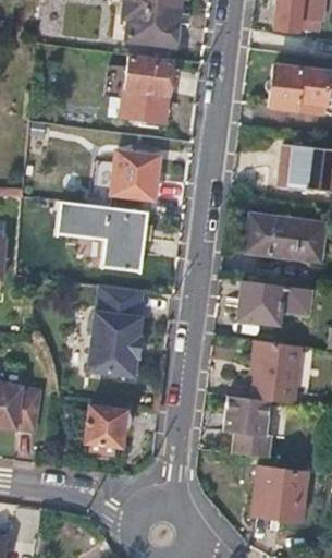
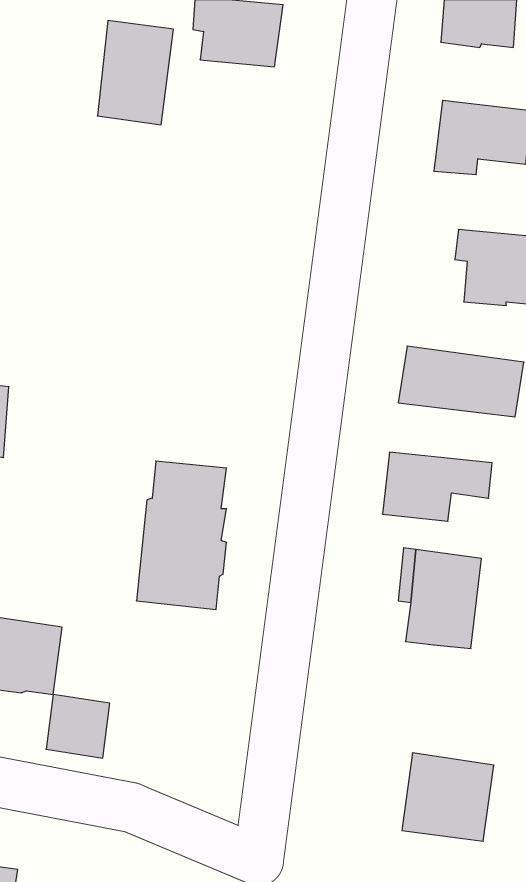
building: [123,58,170,122] -> [97,20,173,125]
building: [113,151,157,196] -> none
building: [62,203,149,270] -> none
building: [223,395,270,457] -> none
building: [84,405,123,445] -> [46,694,110,758]

